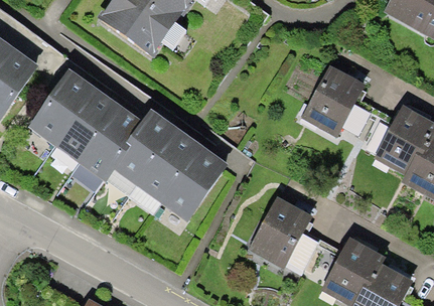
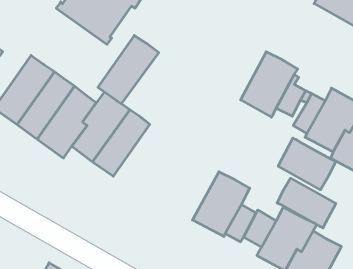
building: [160,145,228,220] -> [98,35,159,104]
building: none -> [278,138,336,190]
building: none -> [277,178,336,228]

